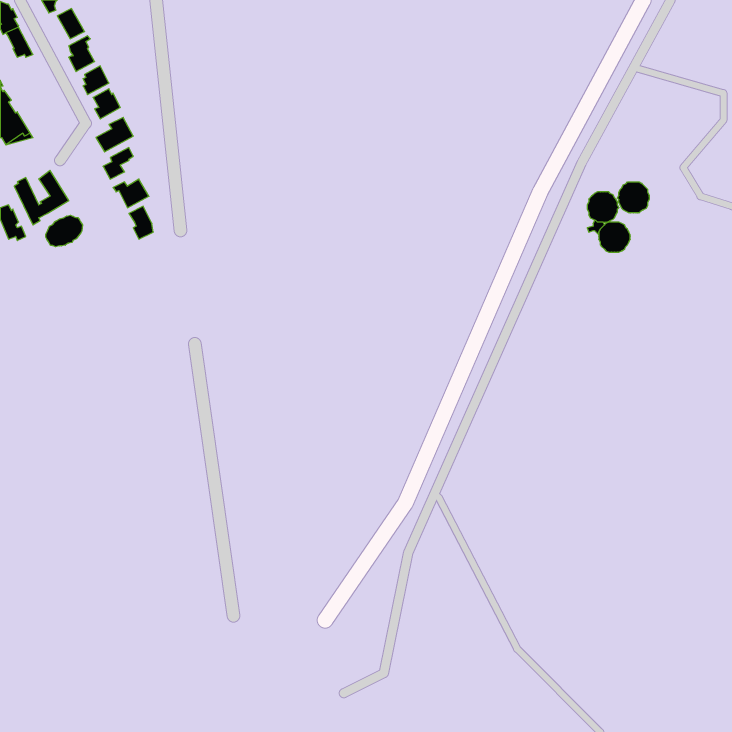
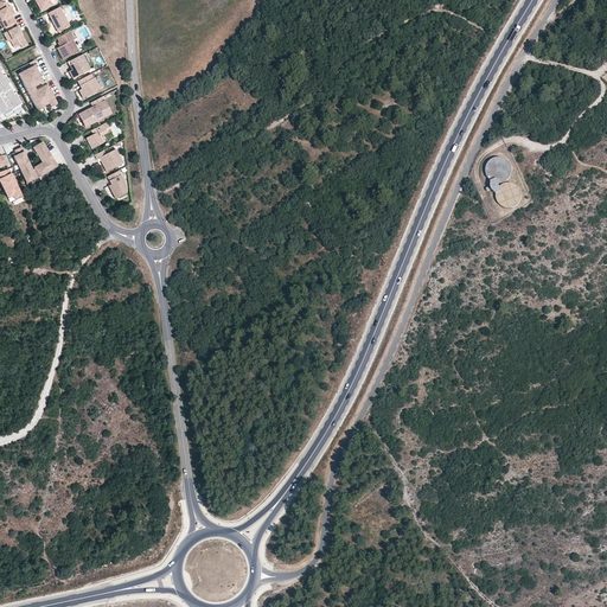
building: none -> [18,65,57,110]
building: [618,182,649,213] -> none
building: [46,215,82,247] -> none

